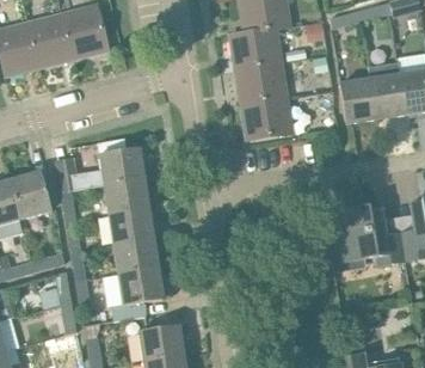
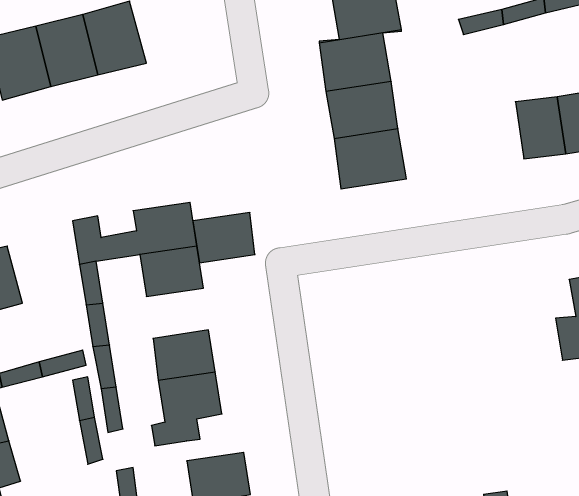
building: [340,75,376,121] -> none
building: [8,170,49,219] -> none
building: [327,204,404,271] -> none
building: [107,208,152,244] -> [193,213,255,263]

